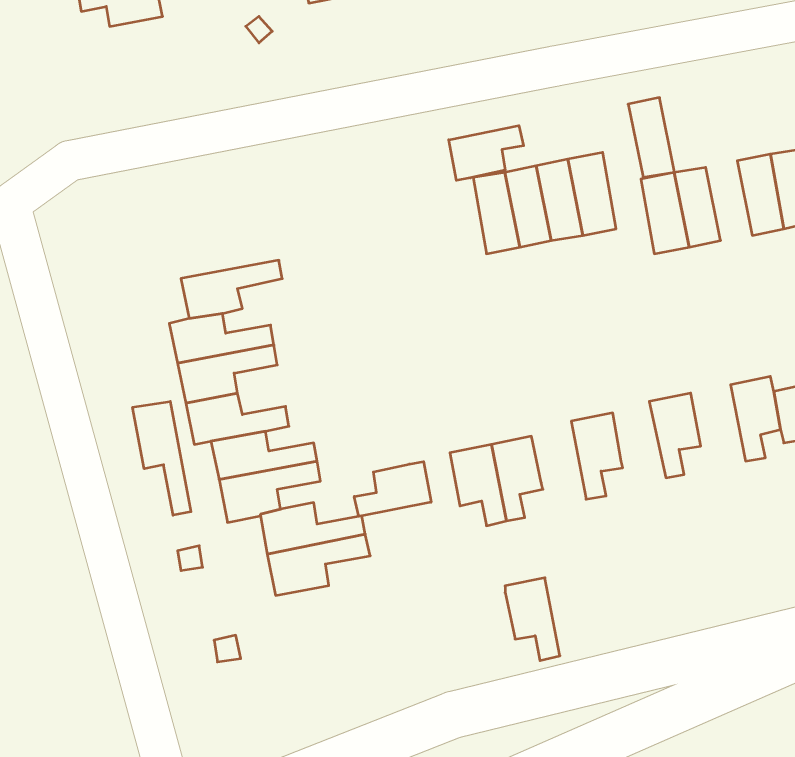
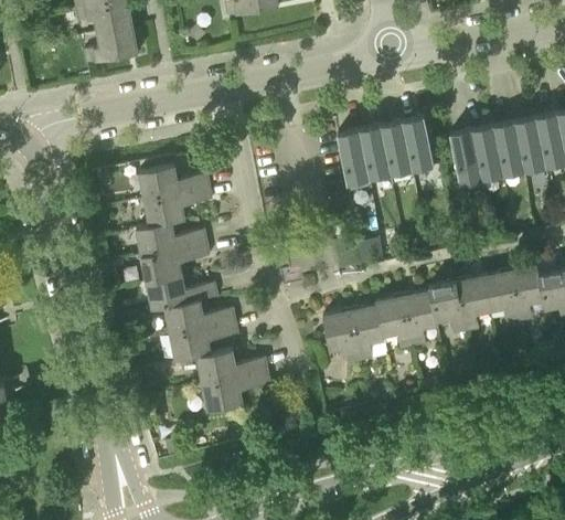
building: none -> [84,25,138,63]
building: [628,98,675,177] -> [493,121,524,174]
building: [449,126,524,180] -> none
building: none -> [139,166,210,200]
building: none -> [483,270,520,323]
building: none -> [430,282,467,335]
building: [133,401,191,515] -> none
building: [354,462,431,516] -> none
building: [505,578,560,661] -> [377,295,414,350]

